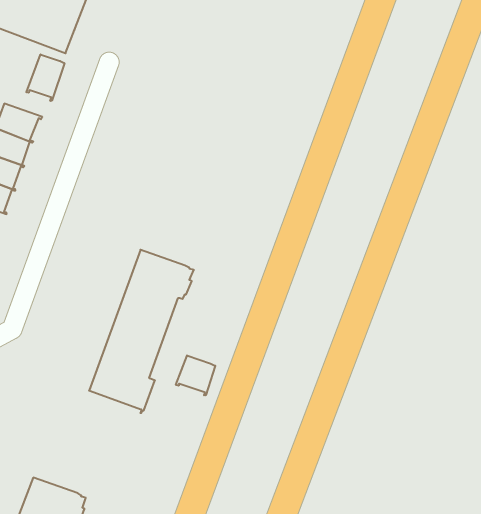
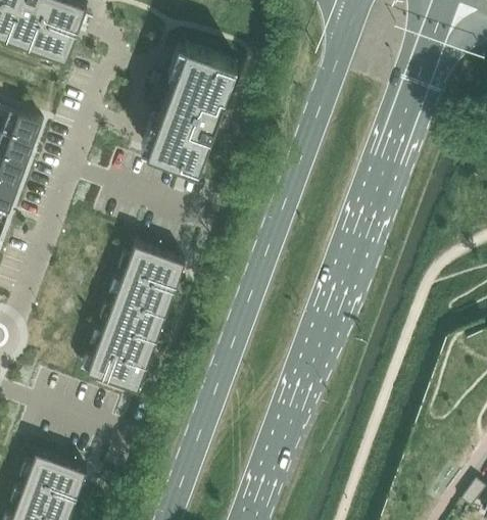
building: none -> [145,48,235,172]
building: [26,54,64,101] -> none
building: [176,355,215,395] -> none

